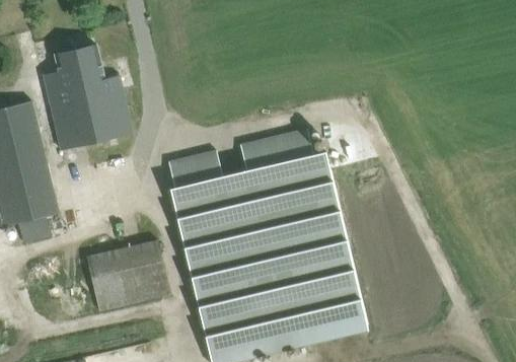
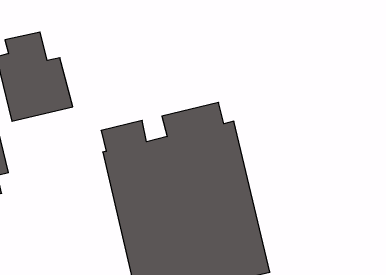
building: [88,240,171,311] -> none

